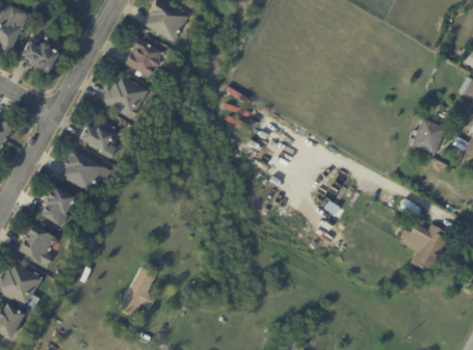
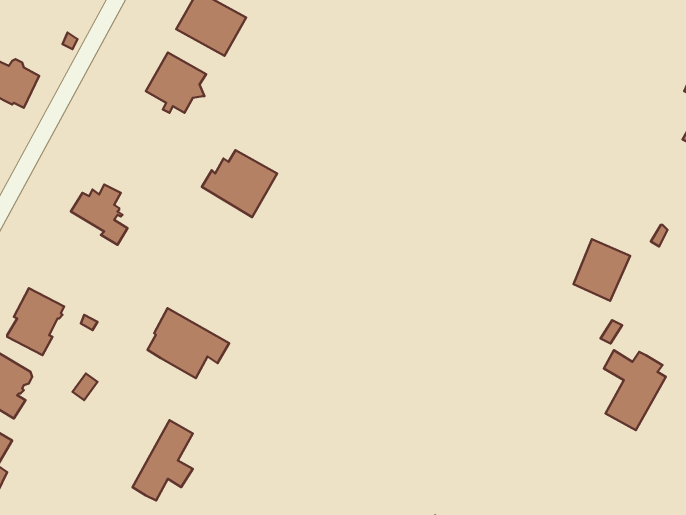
building: [102,76,149,117] -> [202,150,277,217]
building: [412,117,447,156] -> [573,239,630,301]
building: [60,149,111,192] -> [147,308,229,378]

